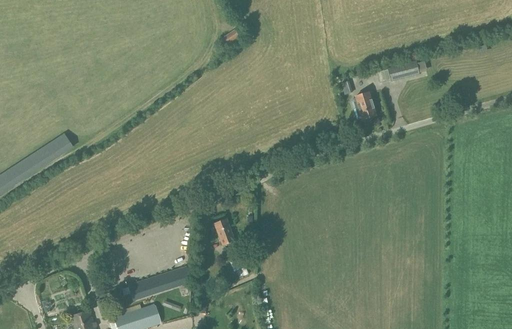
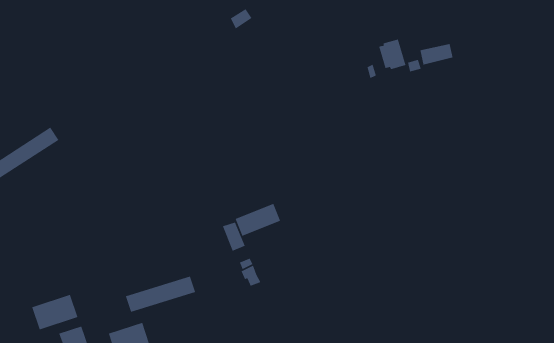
building: [352,91,377,119] -> [378,38,406,70]
building: none -> [234,203,281,237]
building: none -> [31,294,79,331]

